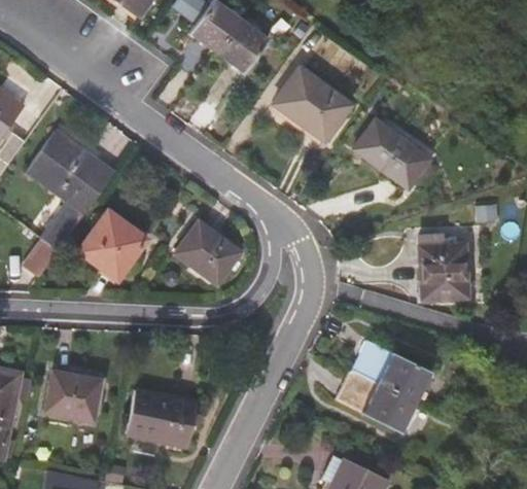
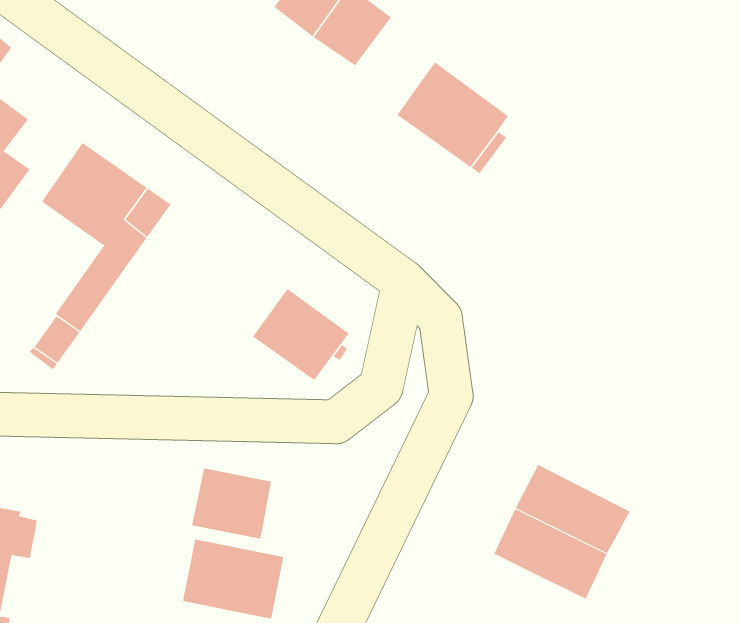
building: [354,118,431,189] -> none
building: [77,210,147,280] -> none
building: [418,225,467,300] -> none
building: [45,372,100,420] -> [191,468,272,539]

